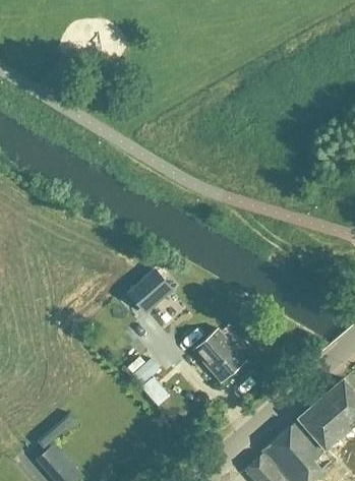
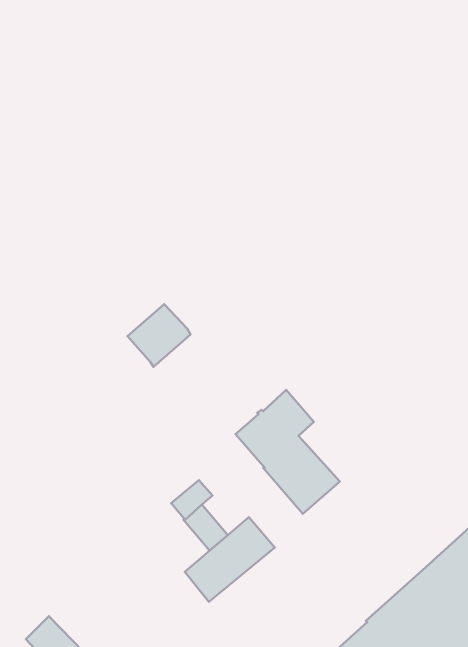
building: [129,270,171,312] -> [128,304,190,367]
building: none -> [185,517,275,602]

